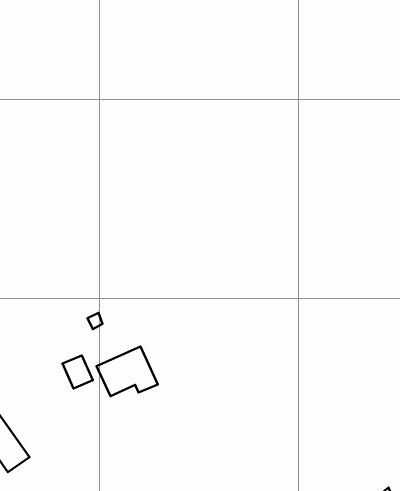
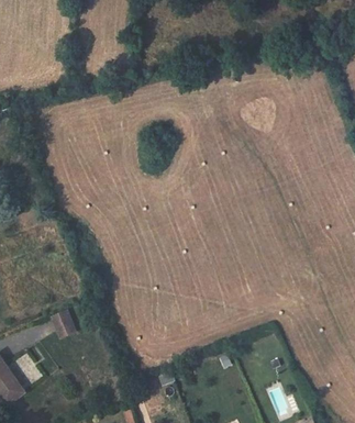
building: [97,347,158,396] -> none

